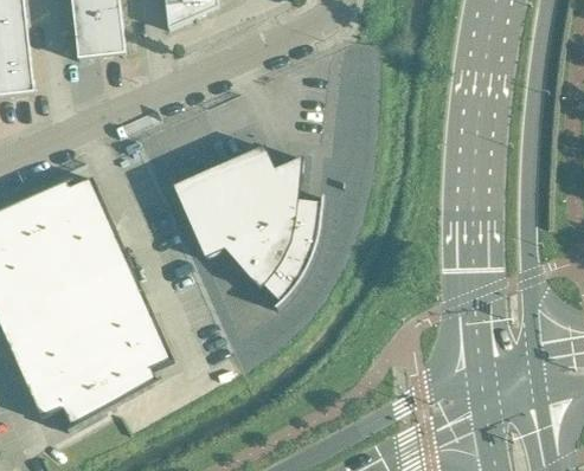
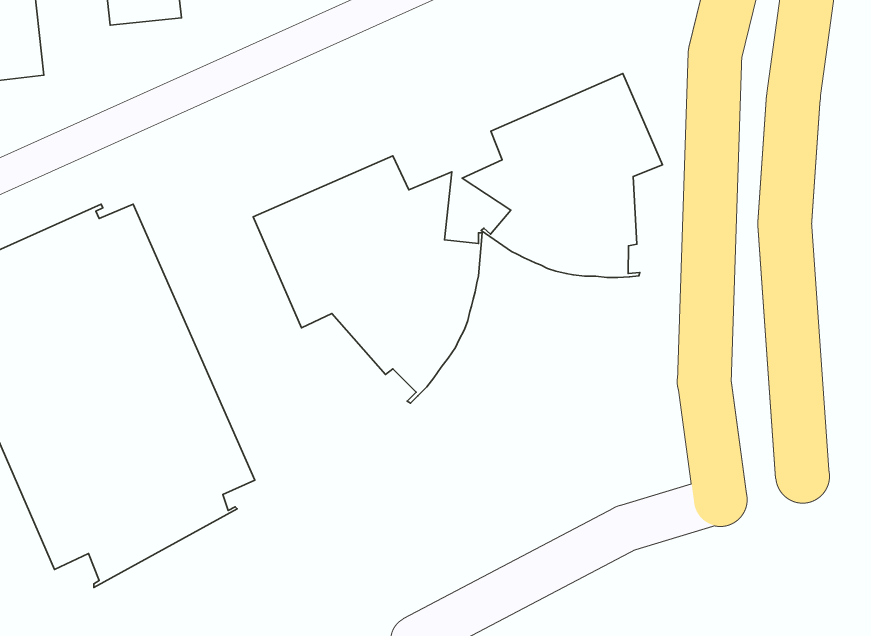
building: none -> [462,74,662,278]

